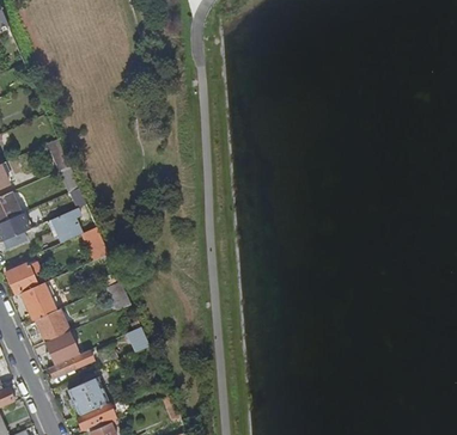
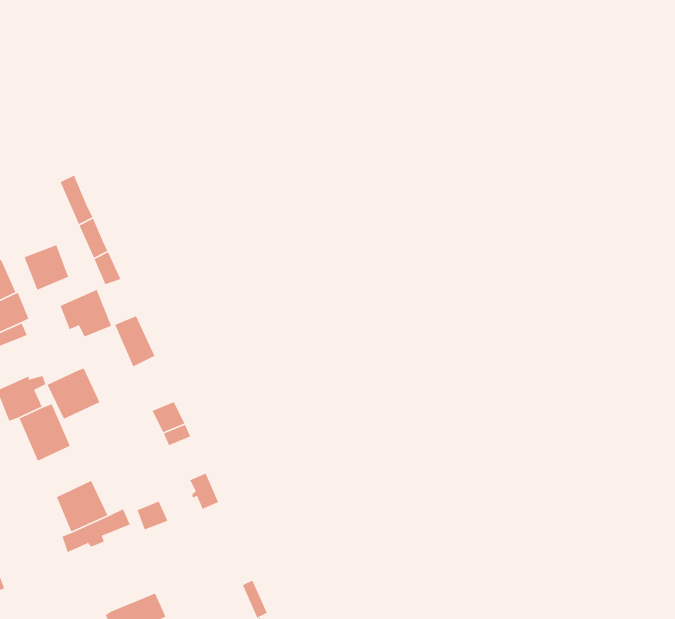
building: none -> [23,244,69,291]
building: [35,308,69,342] -> [47,368,101,420]
building: [68,376,109,415] -> none

